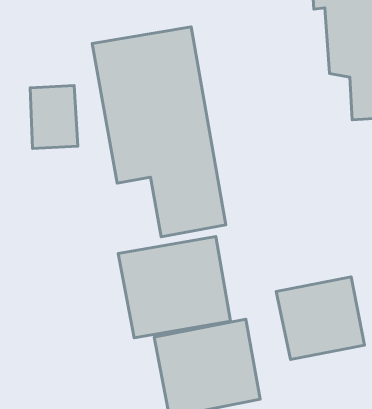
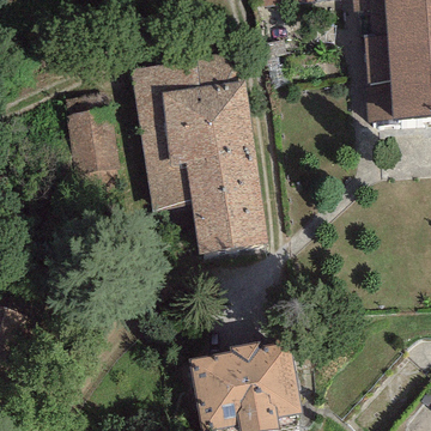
building: [118,236,231,338] -> none
building: [276,277,365,360] -> none

